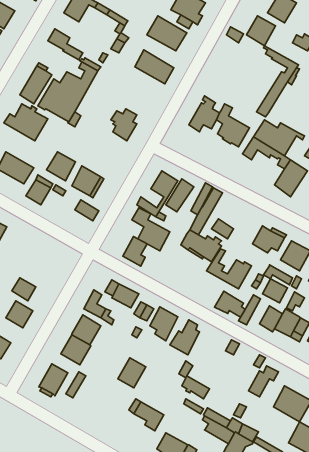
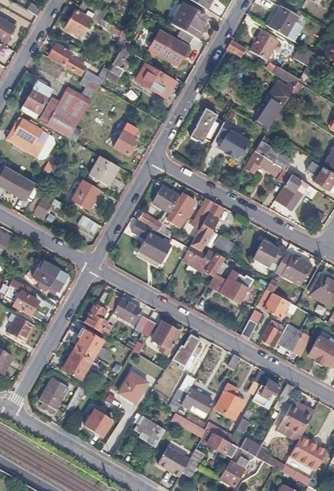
building: [46,152,75,181] -> [89,155,118,184]
building: [123,237,147,266] -> none
building: none -> [30,260,67,292]
building: [215,291,245,317] -> none
building: none -> [215,383,243,419]
building: none -> [84,410,112,437]

